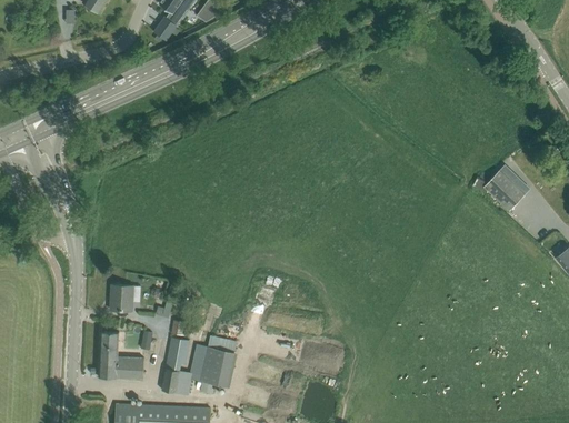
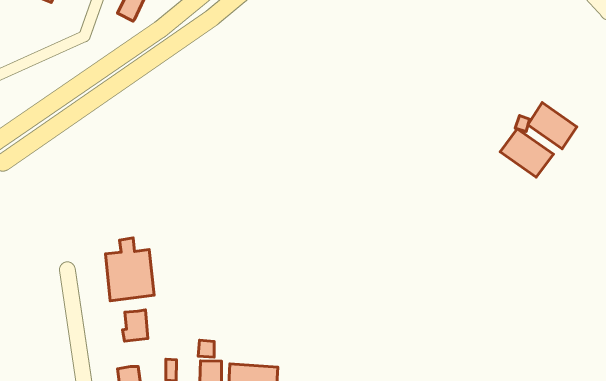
building: none -> [500,129,553,177]
building: none -> [105,238,154,301]

